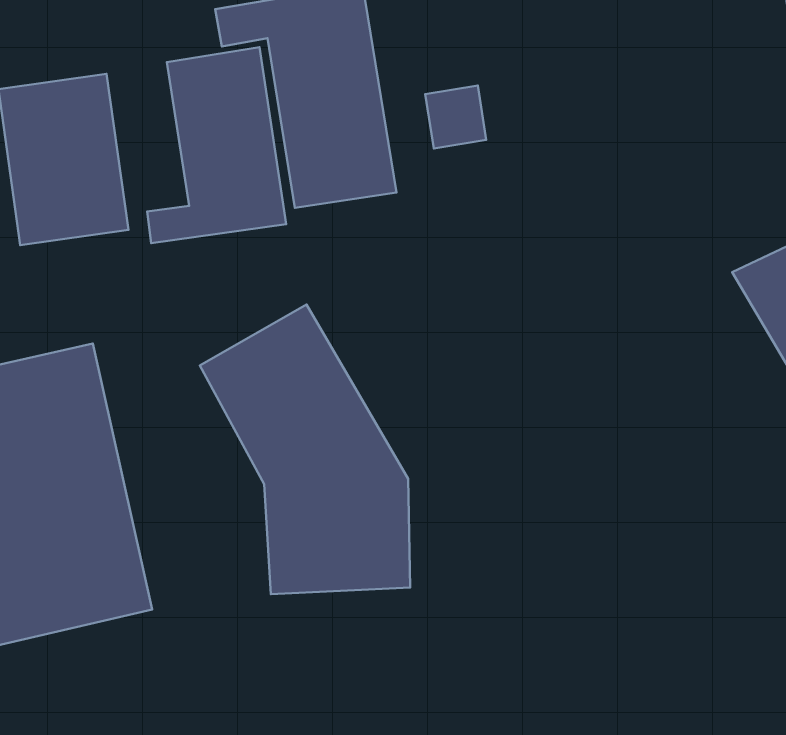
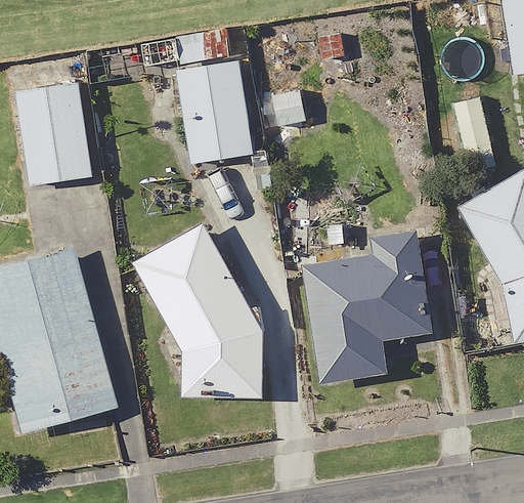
building: [147,47,286,243] -> none
building: none -> [308,232,431,382]

